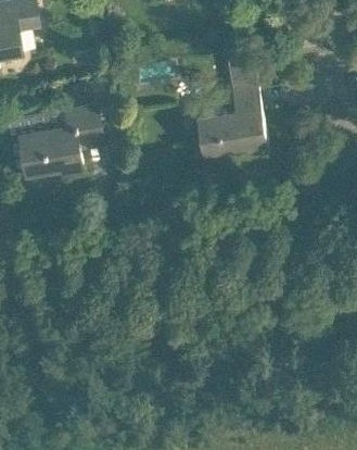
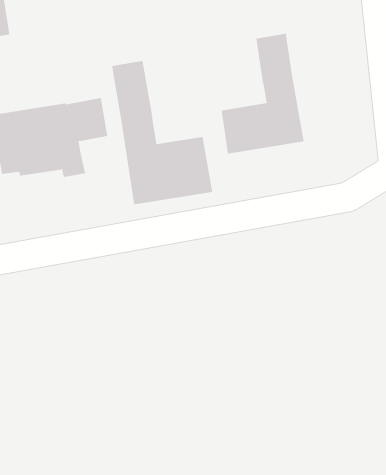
building: none -> [111,60,213,205]

